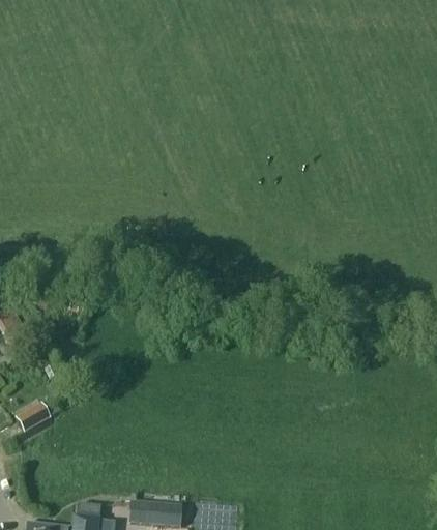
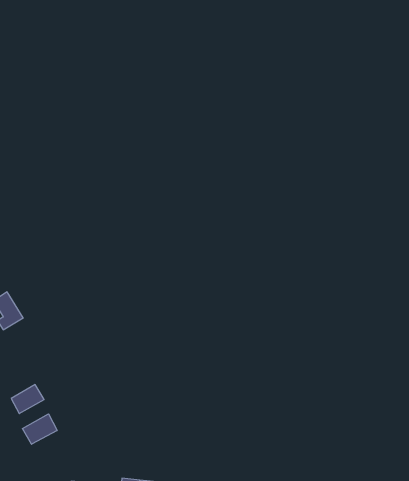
building: none -> [22,414,57,444]

